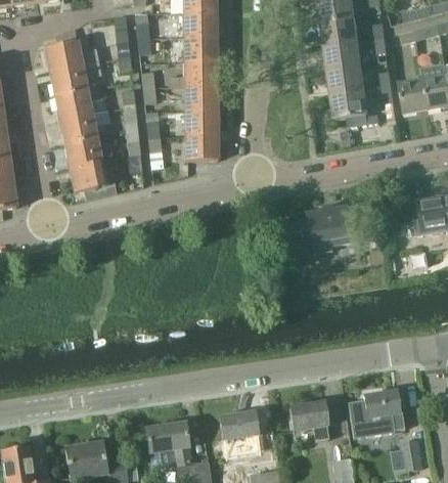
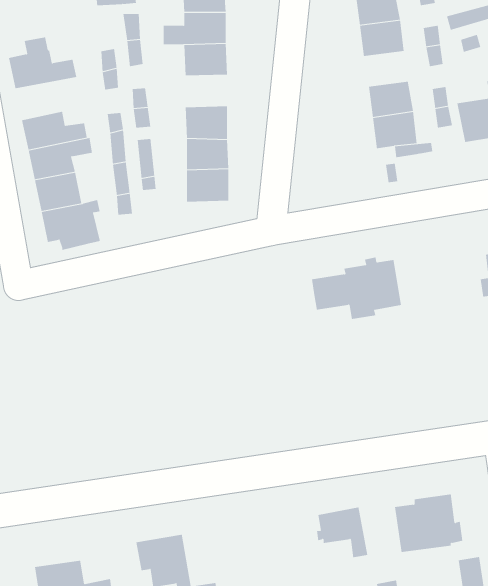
building: [324,42,360,70] -> none
building: [169,60,218,86] -> none
building: [50,62,101,96] -> none
building: [218,410,260,449] -> none

